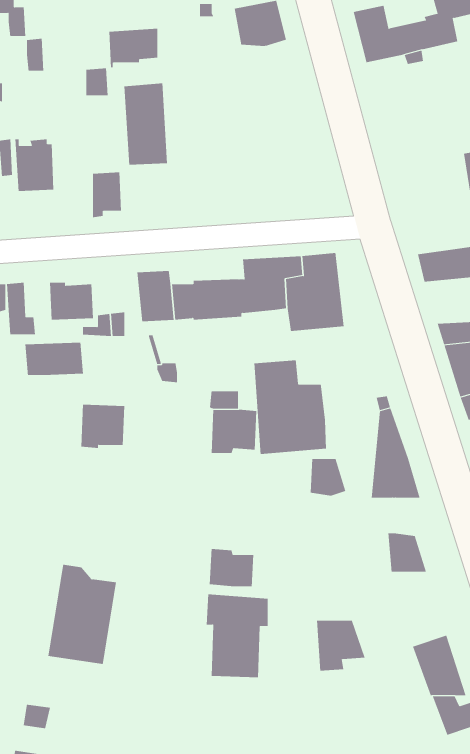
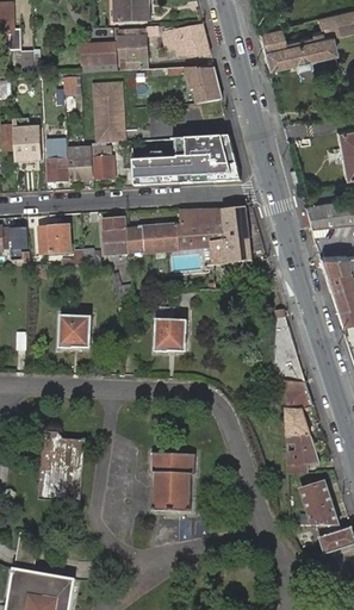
building: none -> [118,30,145,71]
building: none -> [166,67,222,105]
building: none -> [132,136,241,187]
building: none -> [92,143,113,180]
building: none -> [45,151,69,182]
building: [25,342,83,376] -> none
building: [254,359,327,455] -> none
building: [310,458,346,496] -> [287,384,313,411]
building: [209,548,254,587] -> none
building: [316,620,366,671] -> [285,437,321,474]

